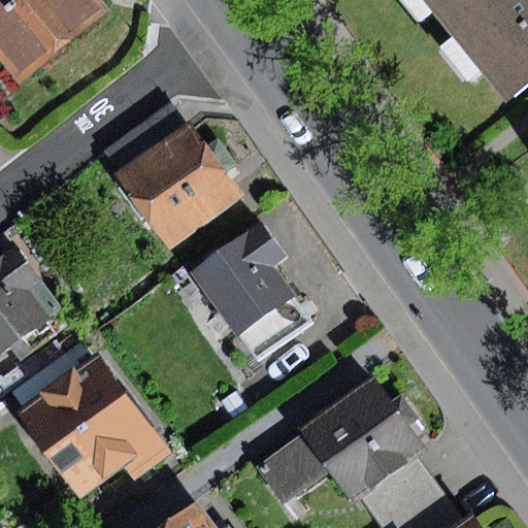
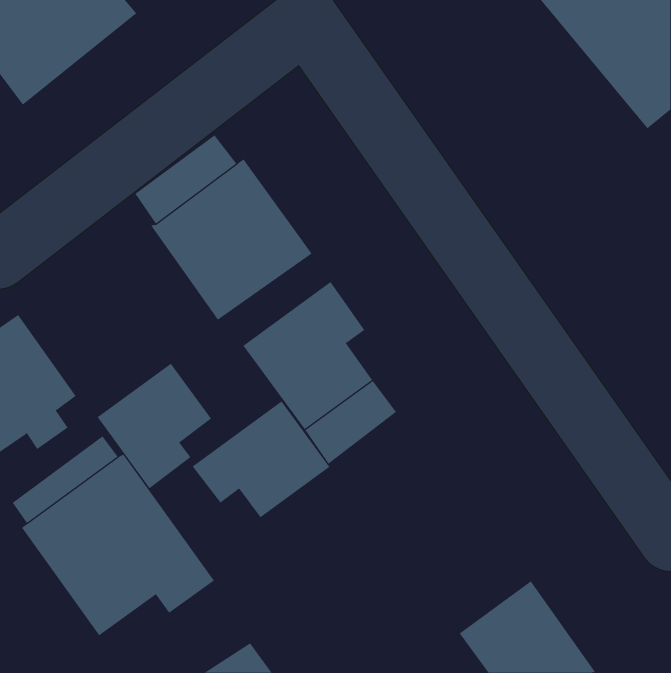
building: none -> [97,363,212,489]
building: none -> [192,400,330,518]
building: [253,382,422,505] -> none

